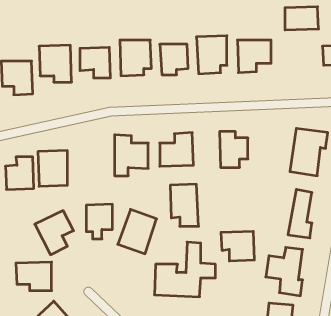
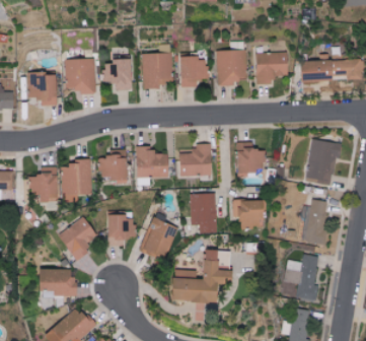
building: [285,7,319,30] -> [301,60,334,82]
building: none -> [99,149,128,179]
building: [221,231,254,261] -> [231,199,264,227]

